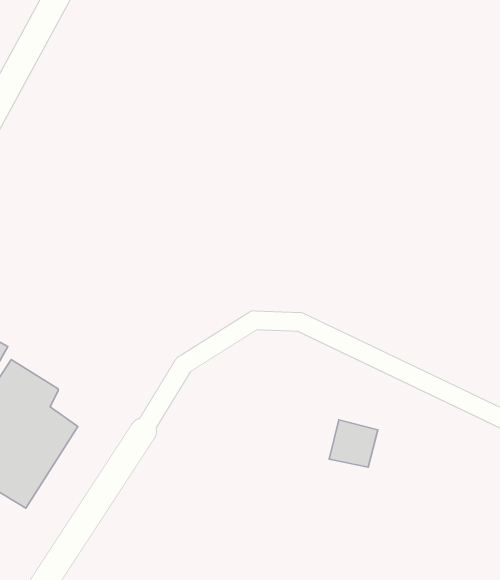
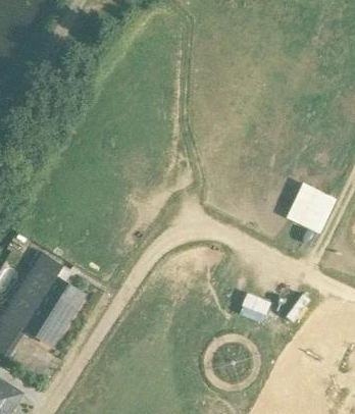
building: none -> [285,183,336,235]

